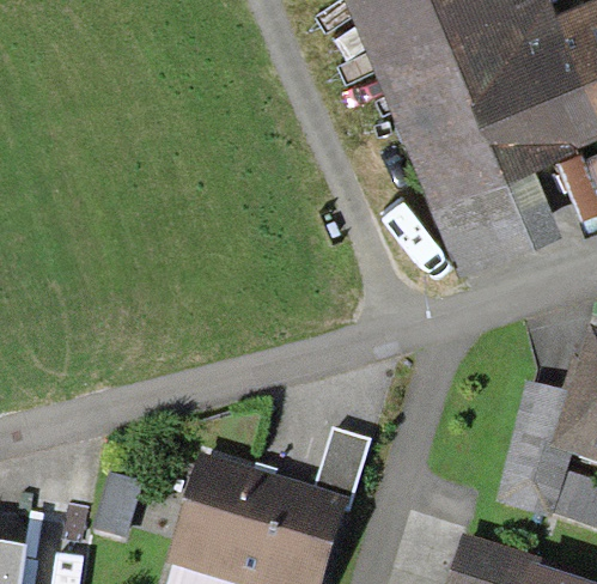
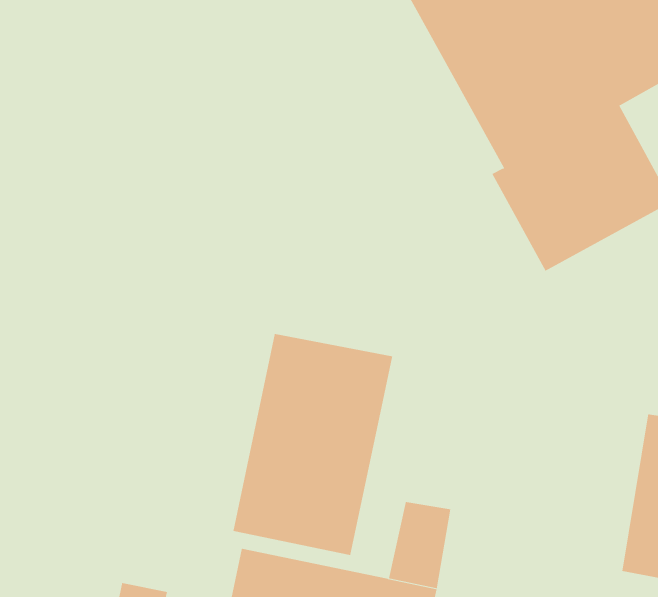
building: none -> [233,333,393,556]

